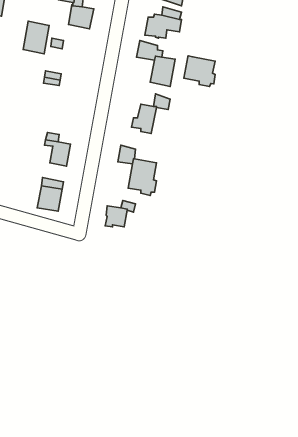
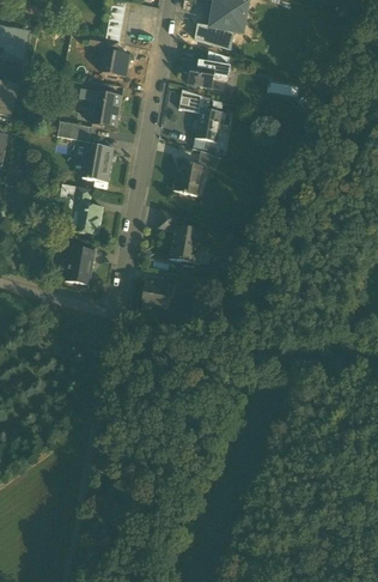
building: [23,21,49,54] -> [91,91,121,128]
building: [184,56,215,86] -> none
building: none -> [86,144,111,181]

